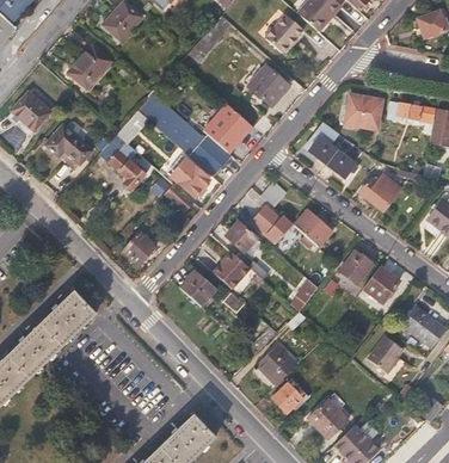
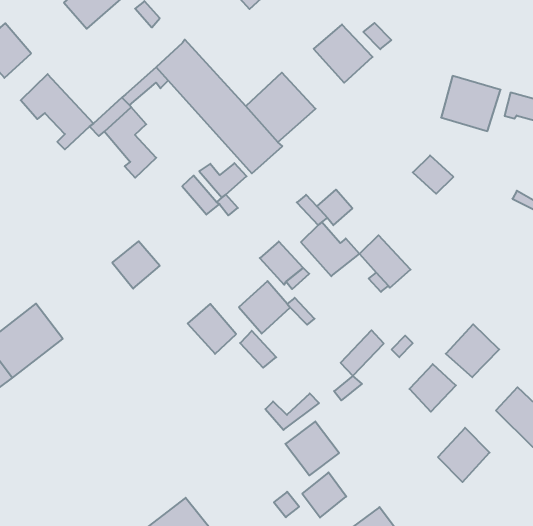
building: [305,123,339,165] -> none
building: [365,175,400,211] -> none
building: [340,252,373,285] -> [409,364,456,412]

